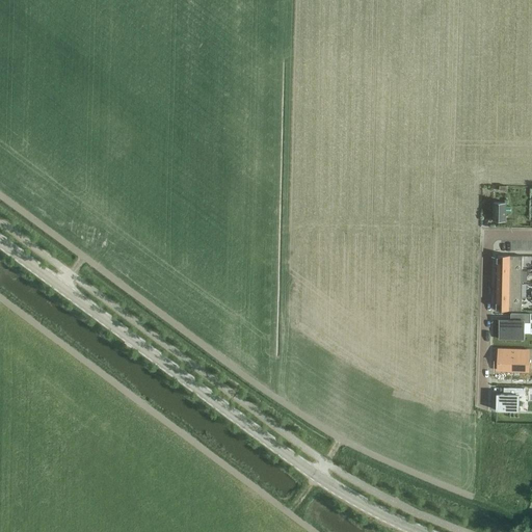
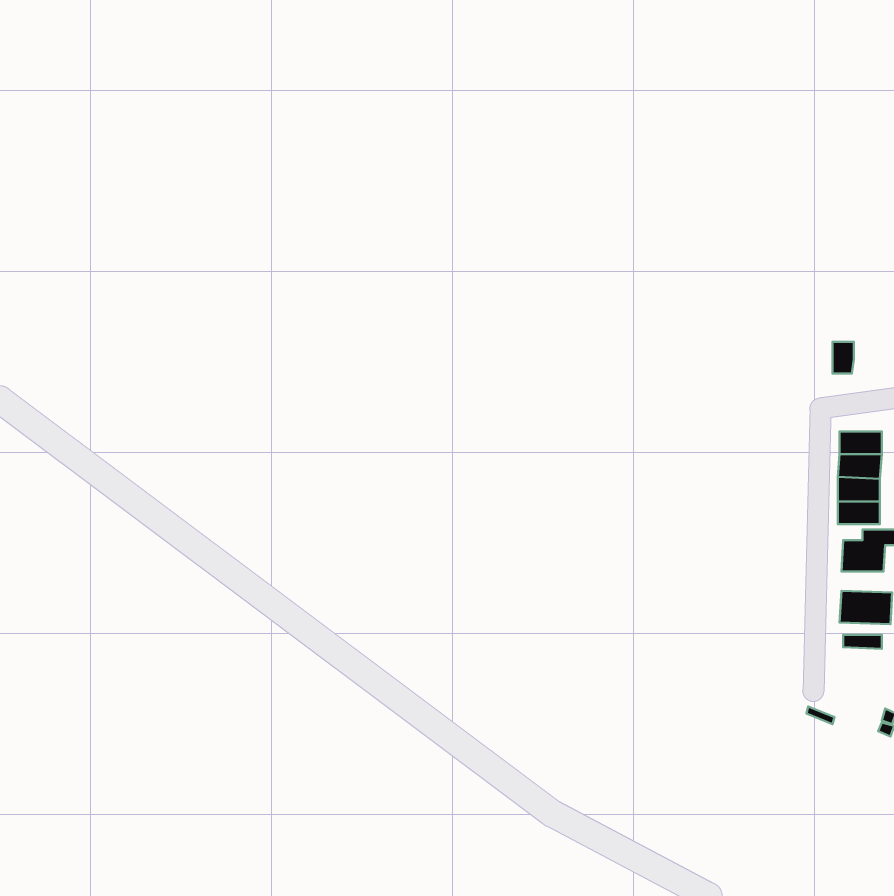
building: [498,388,526,411] -> none

